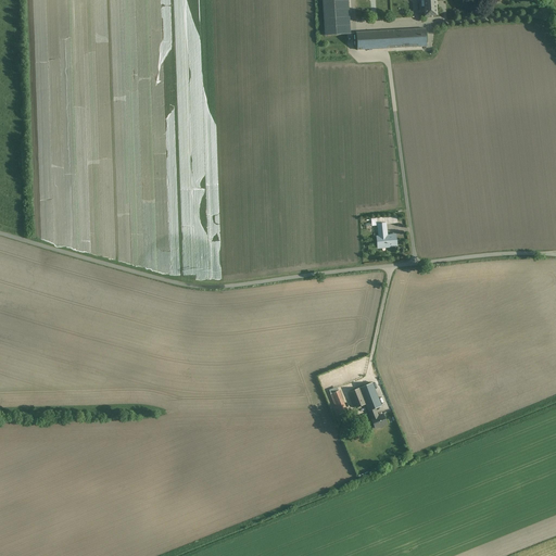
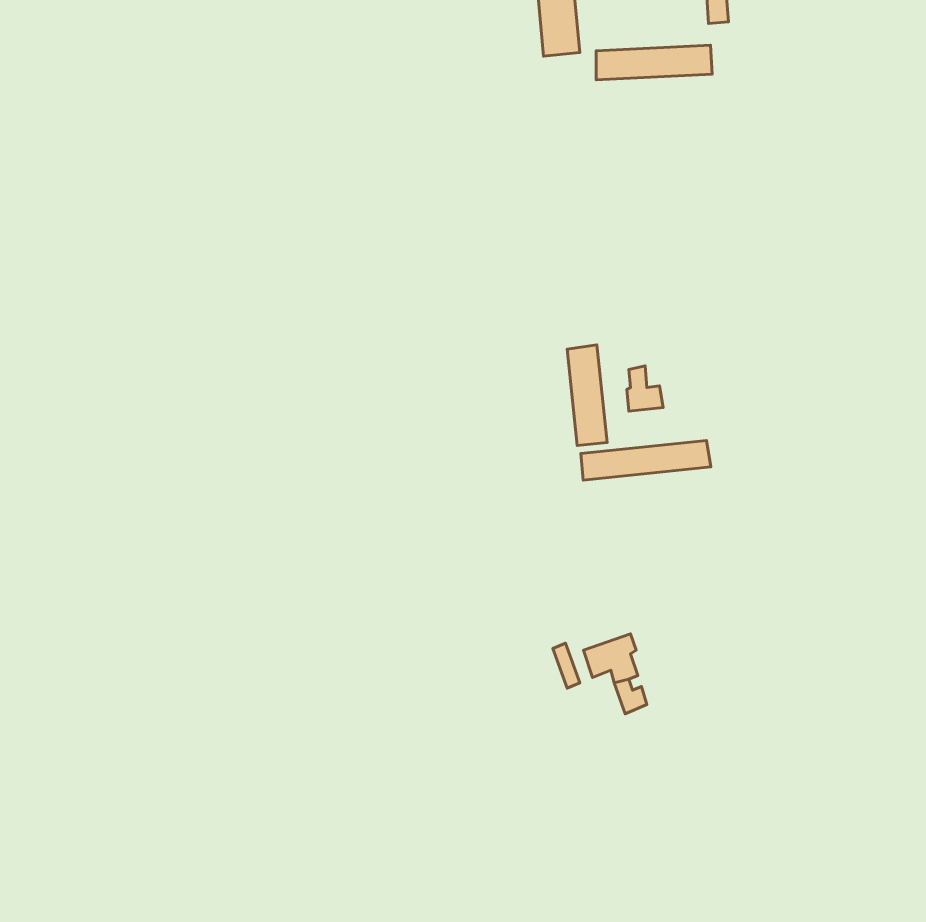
building: none -> [567,345,607,445]
building: none -> [581,440,711,480]

